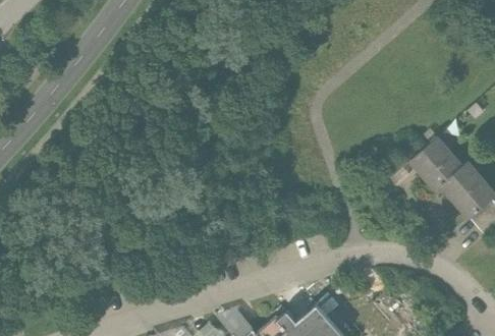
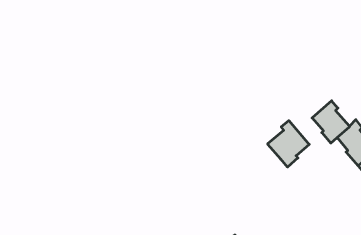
building: none -> [268,121,309,167]

